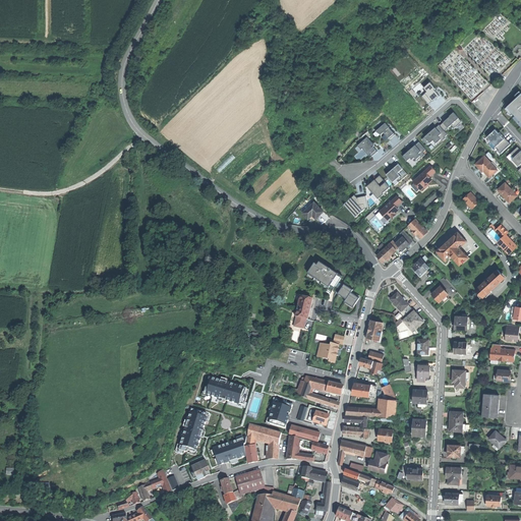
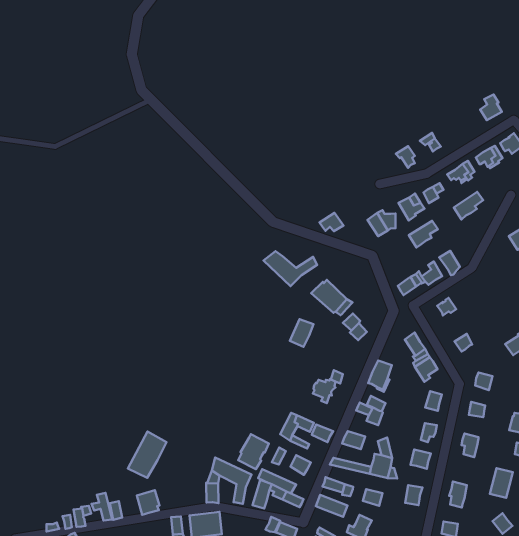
building: [437,232,467,265] -> none
building: none -> [264,251,317,286]
building: [202,377,246,406] -> none
building: [211,440,244,466] -> none

